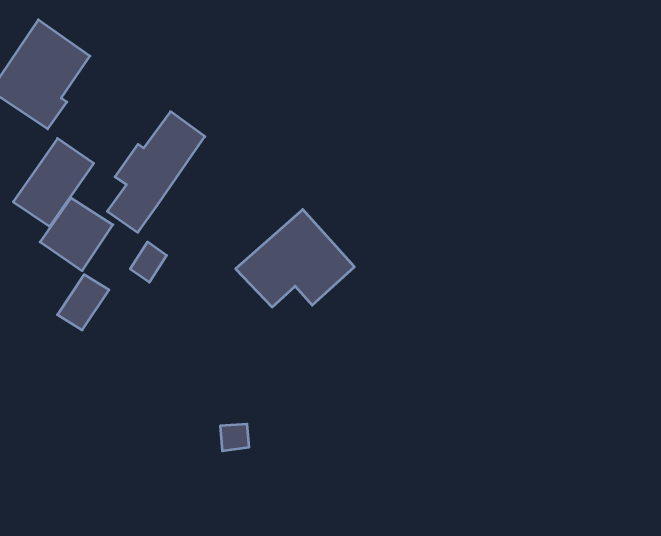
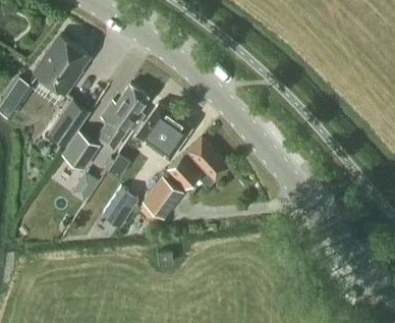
building: none -> [139,106,190,153]
building: none -> [143,177,181,217]
building: none -> [101,189,137,228]

